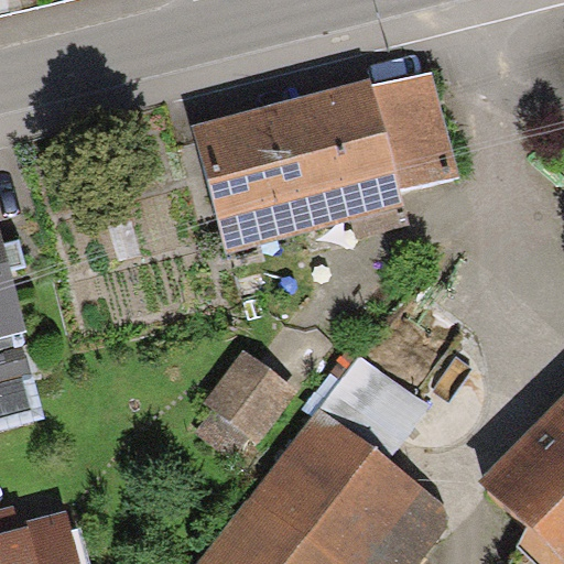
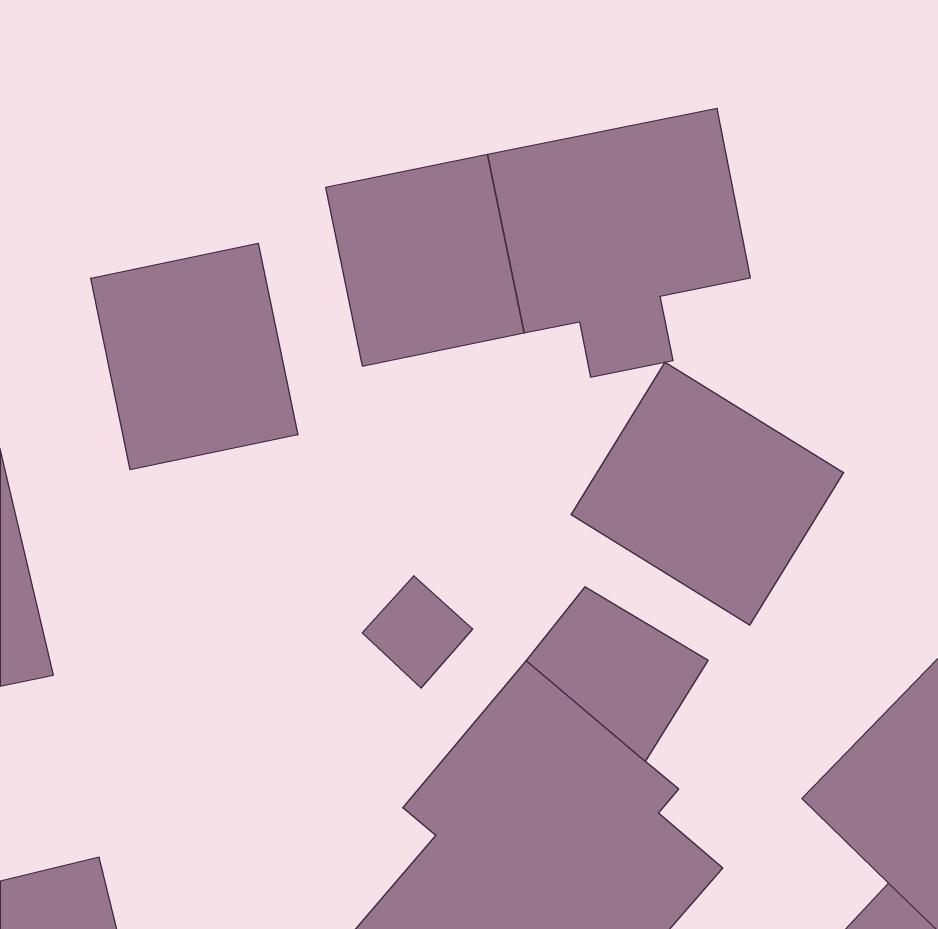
building: none -> [91,243,298,470]
building: none -> [571,362,844,625]

